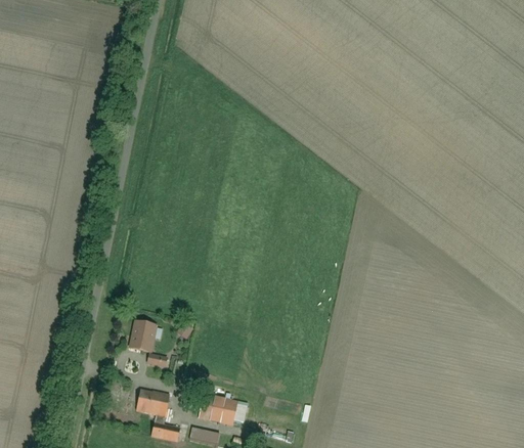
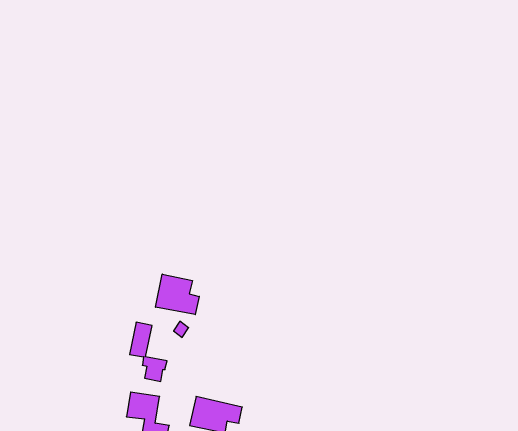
building: none -> [156,274,199,315]

